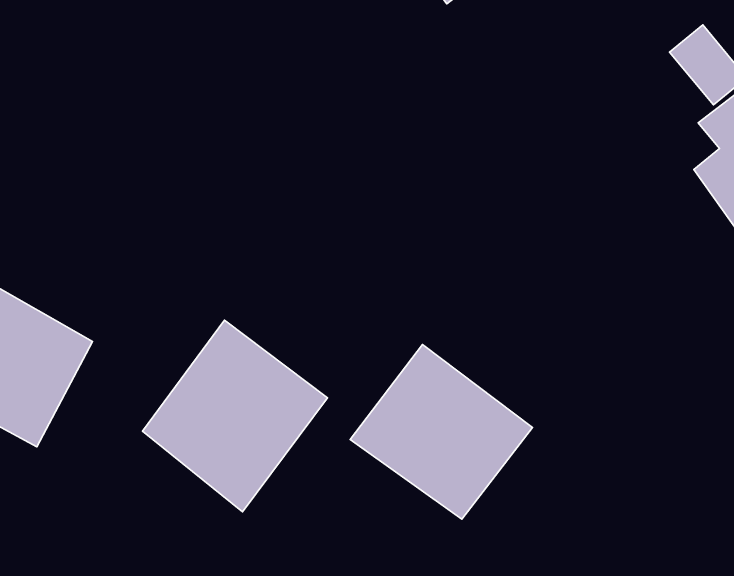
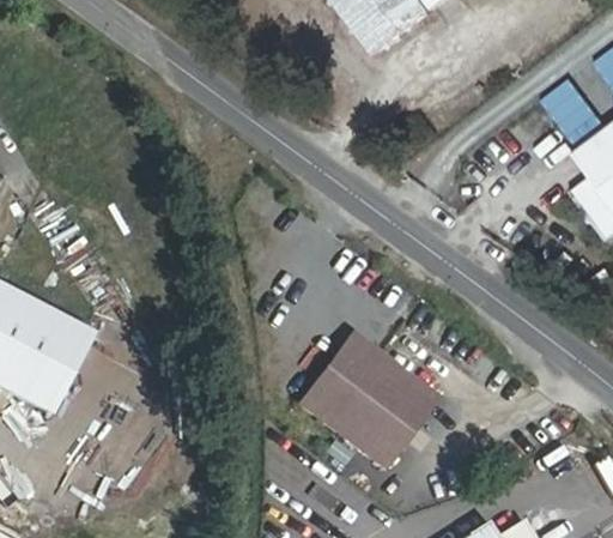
building: [142,320,328,512] -> none

